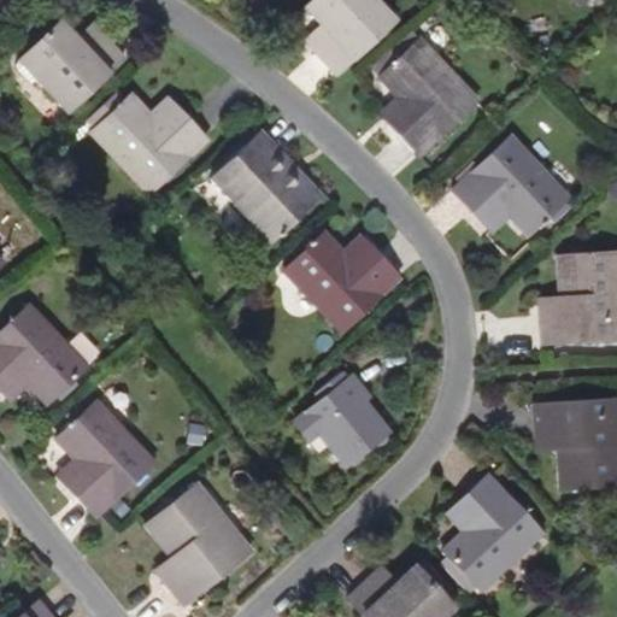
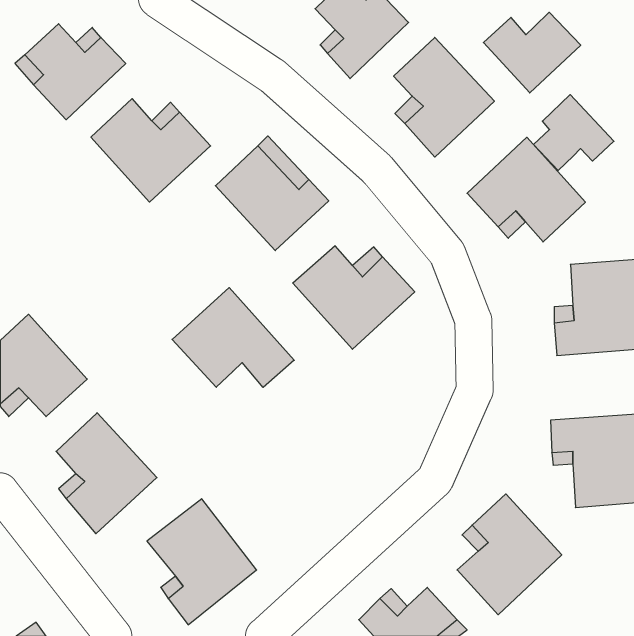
building: none -> [483,12,581,93]
building: none -> [533,95,614,170]
building: none -> [172,288,294,387]
building: [295,375,392,466] -> none

